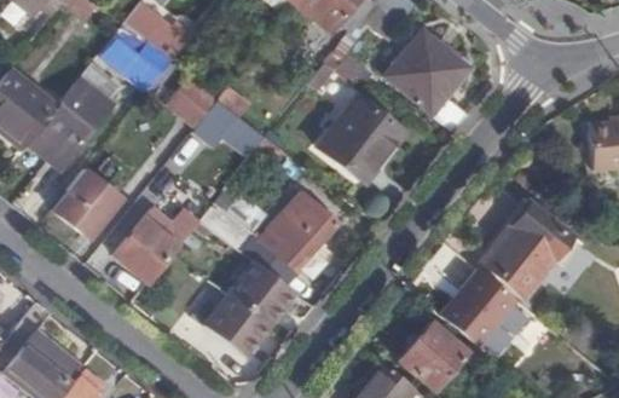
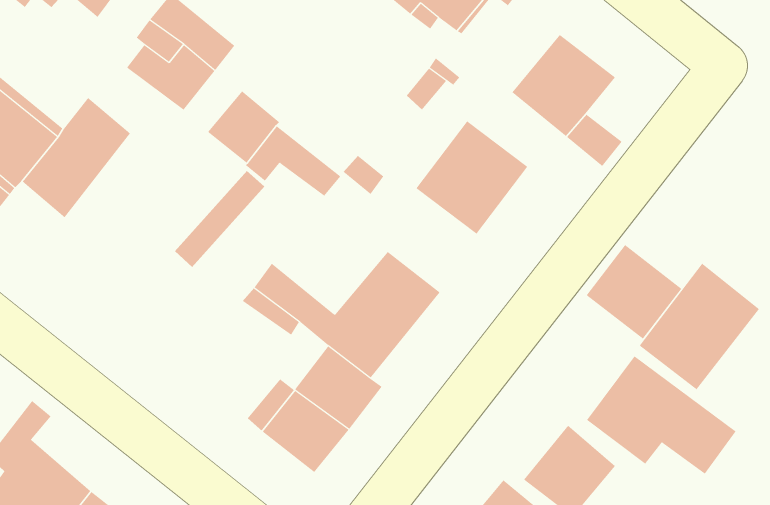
building: [56,171,117,236] -> none
building: none -> [586,244,682,339]
building: [114,206,178,282] -> none

